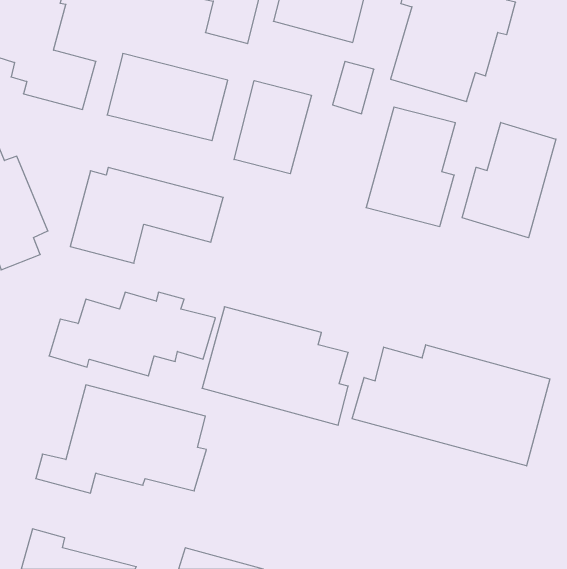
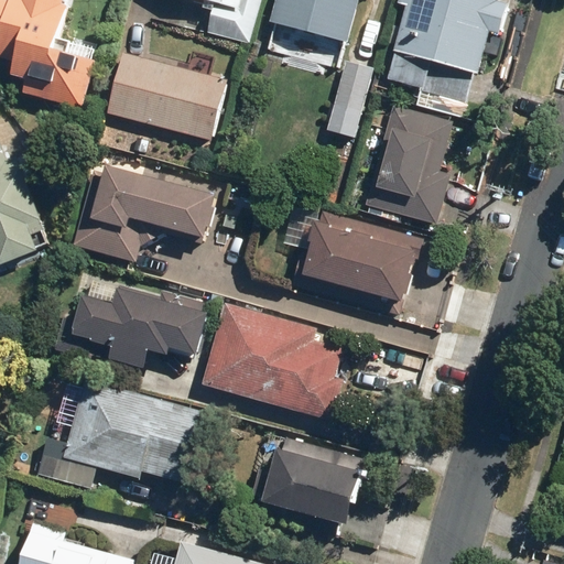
building: [234,81,311,174] -> none
building: [462,122,556,238] -> none
building: none -> [288,210,425,303]
building: [352,345,550,466] -> none
building: none -> [249,436,369,528]

